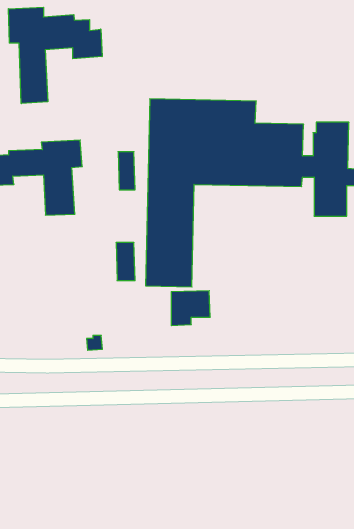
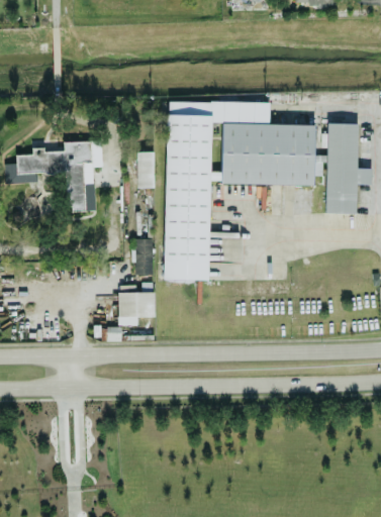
building: [8,7,102,104] -> none
building: [171,291,210,326] -> [118,292,156,325]

